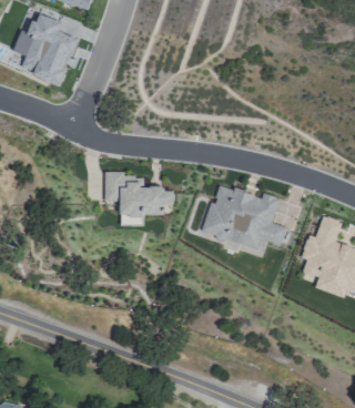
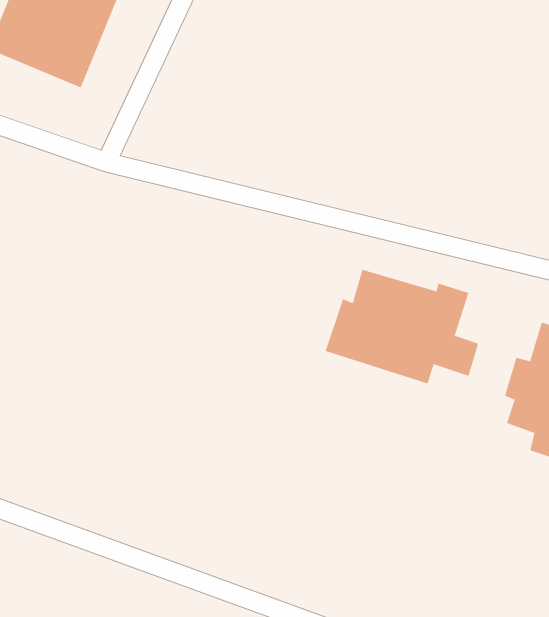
building: [106,176,166,227] -> none

